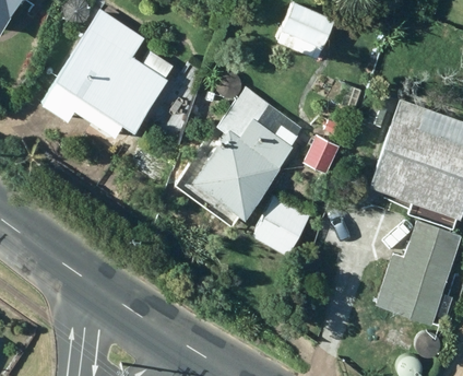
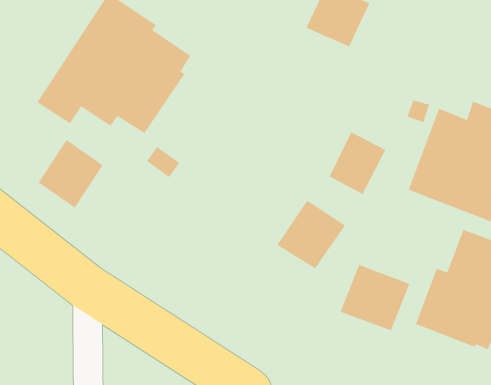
building: [180,85,304,223] -> none
building: none -> [38,139,103,208]
building: none -> [340,264,410,331]

